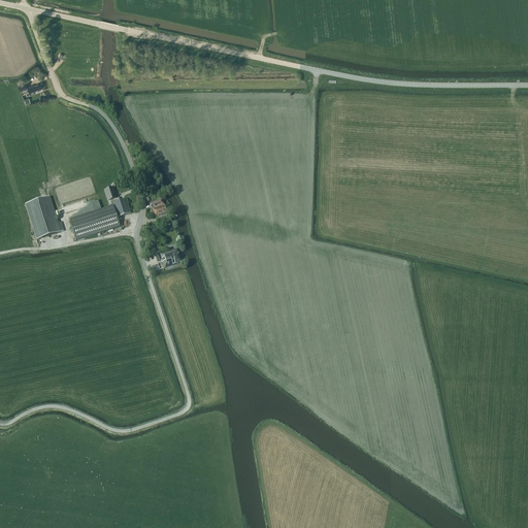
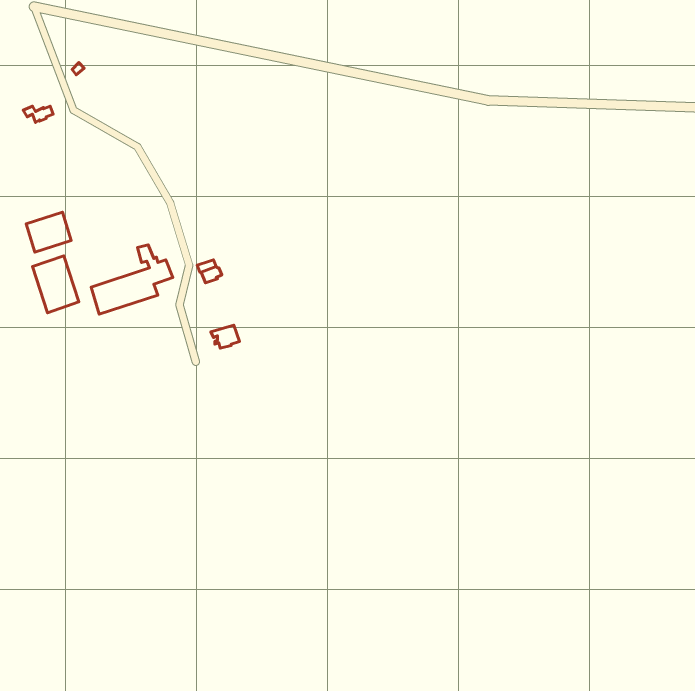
building: none -> [26,212,71,252]

